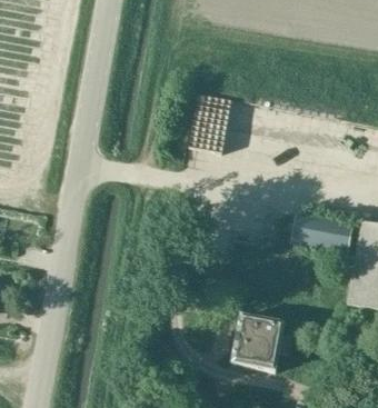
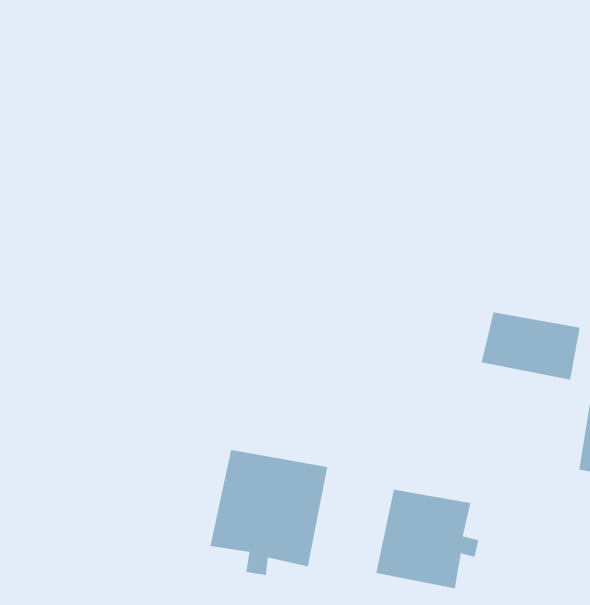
building: none -> [210,449,328,576]

